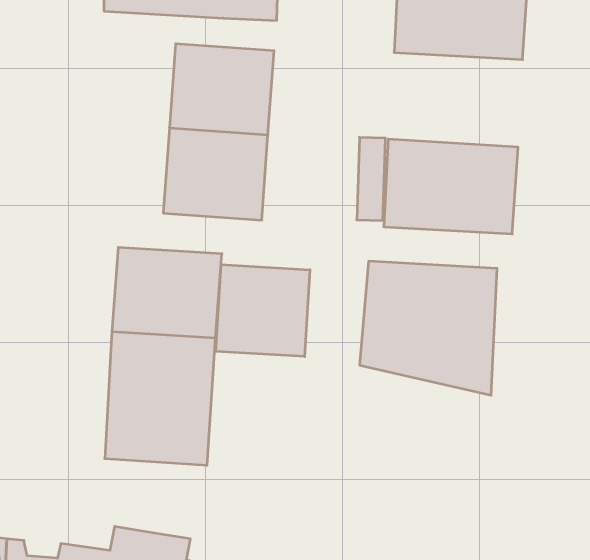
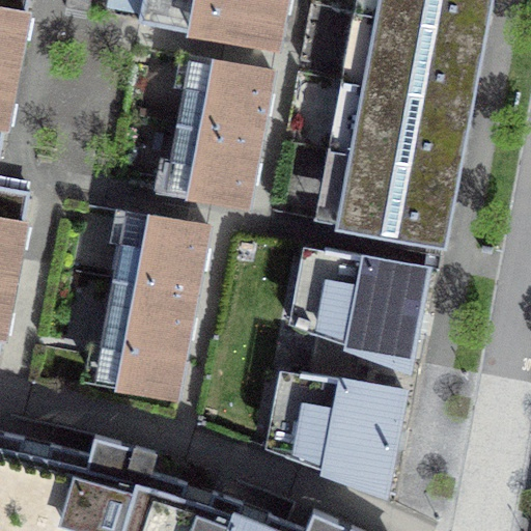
building: none -> [353,88,468,176]
building: [216,265,310,357] -> none
building: none -> [286,375,402,495]

